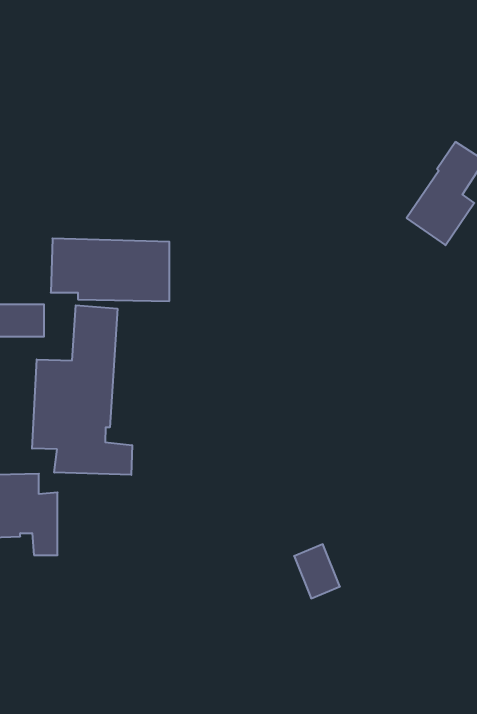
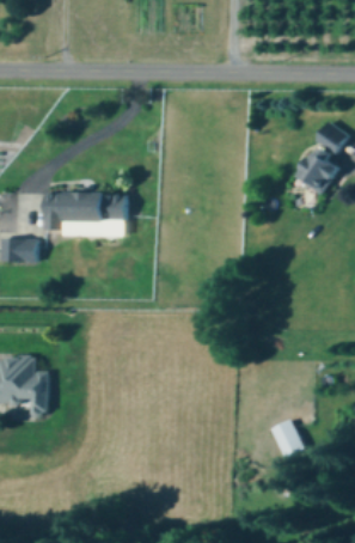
building: [32,305,132,475] -> none
building: [294,544,340,598] -> [271,419,304,457]

